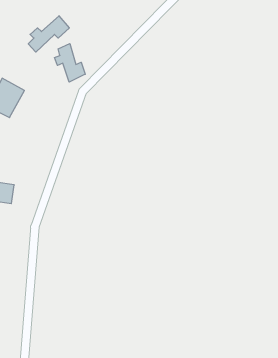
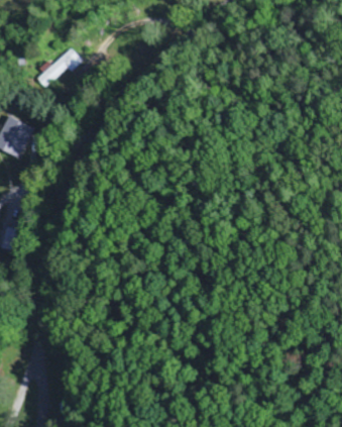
building: [55,44,85,82] -> none

